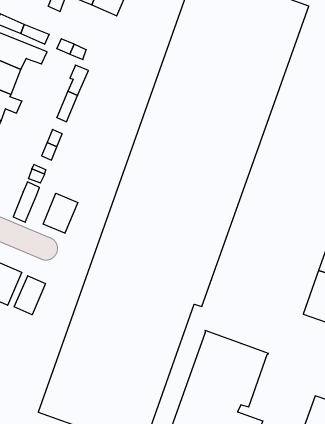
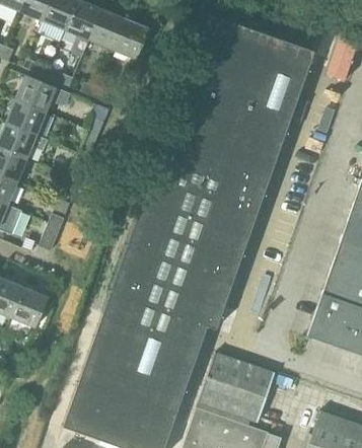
building: [43,193,78,233] -> none
building: [14,276,46,315] -> none

